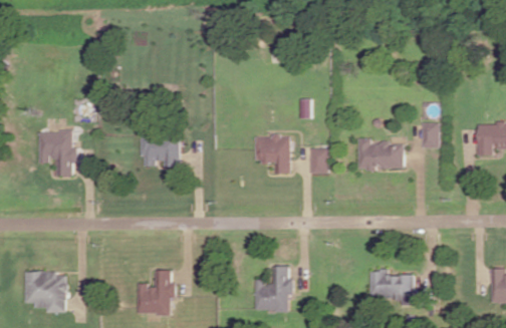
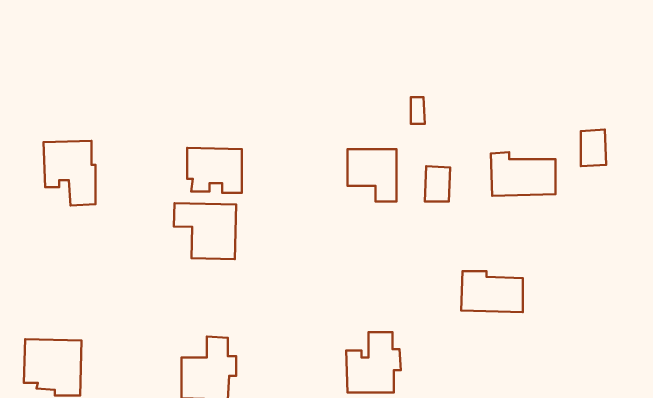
building: none -> [174,203,236,259]
building: [368,271,413,300] -> [461,271,523,312]

